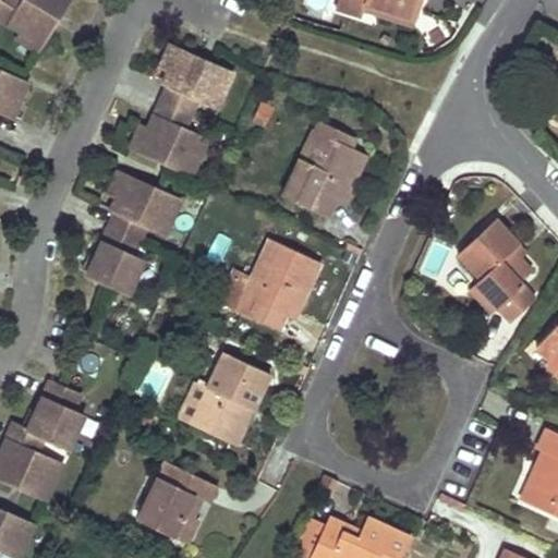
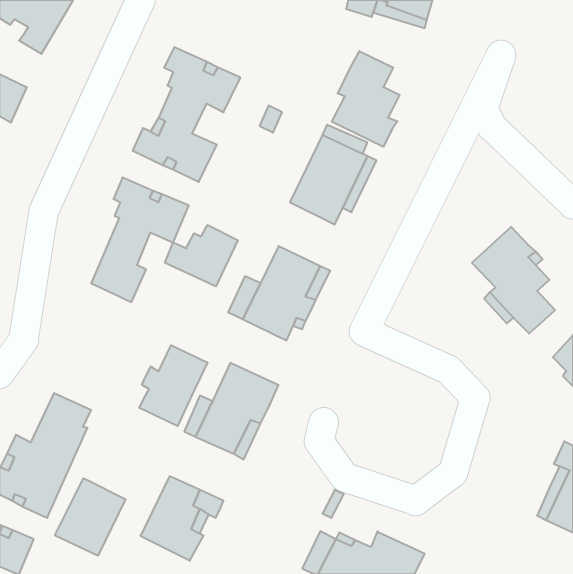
building: none -> [332,51,400,147]
building: none -> [165,225,238,286]
building: none -> [139,345,207,426]
building: none -> [55,478,125,556]

